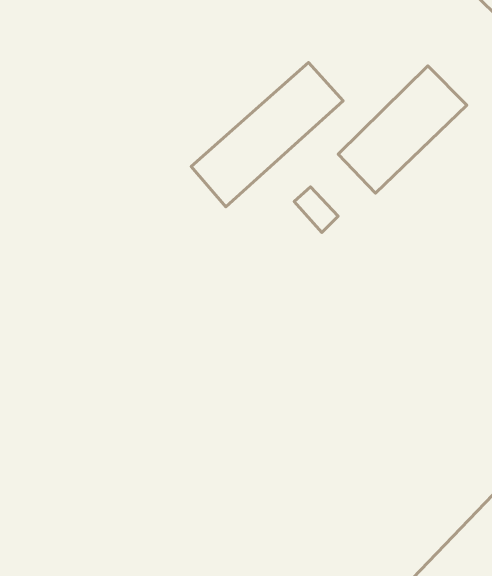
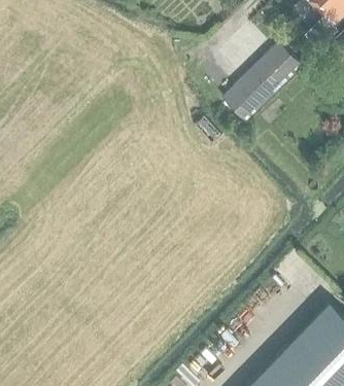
building: [191,62,343,207] -> none

